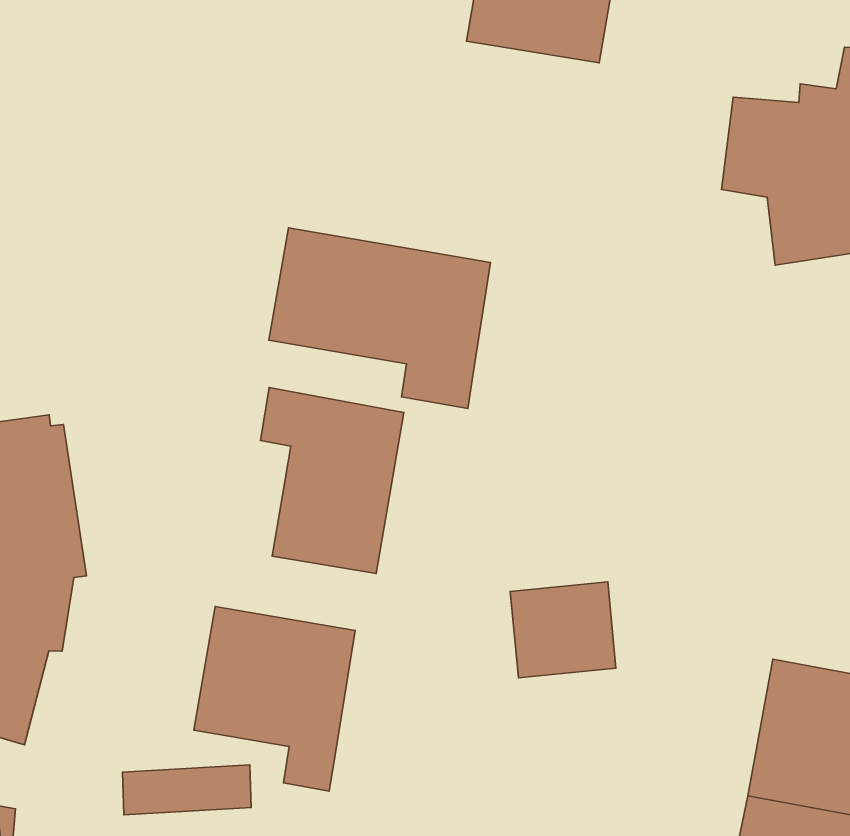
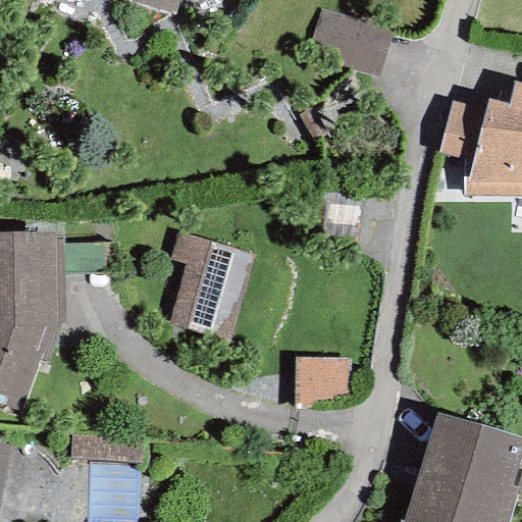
building: [269,228,490,408] -> none
building: [194,606,355,791] -> none

